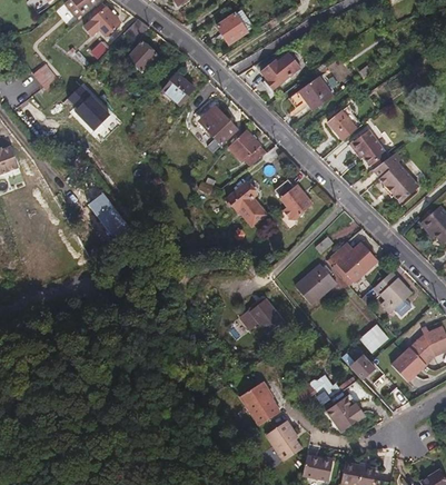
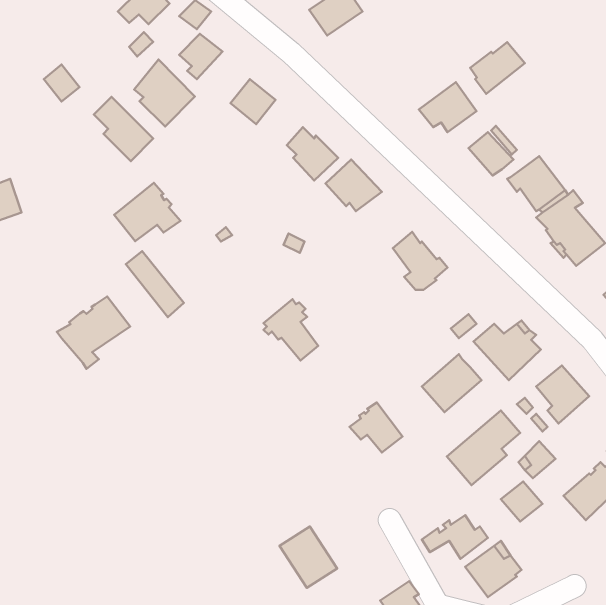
building: [261,53,299,89] -> [470,42,525,94]
building: none -> [134,60,195,126]
building: none -> [114,183,180,241]
building: [227,181,265,224] -> [264,299,318,360]
building: none -> [57,296,130,369]
building: none -> [447,410,520,485]
building: [239,383,279,425] -> [279,527,337,588]

